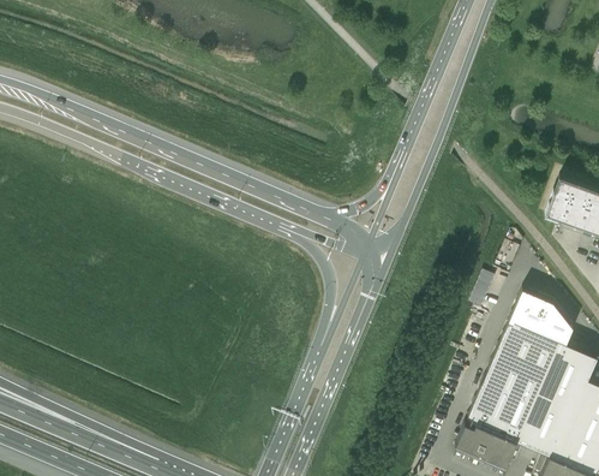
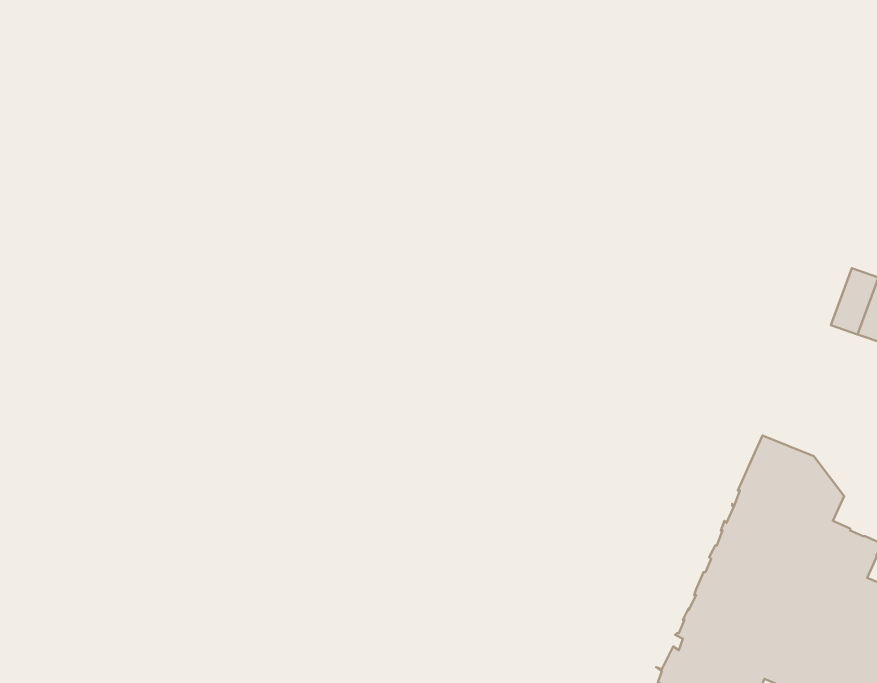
building: [547,180,579,224] -> none

